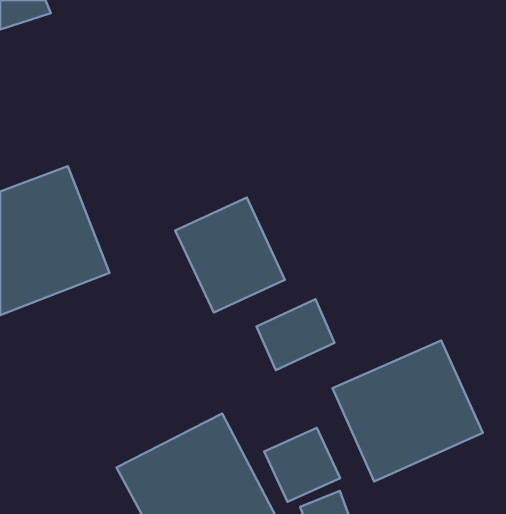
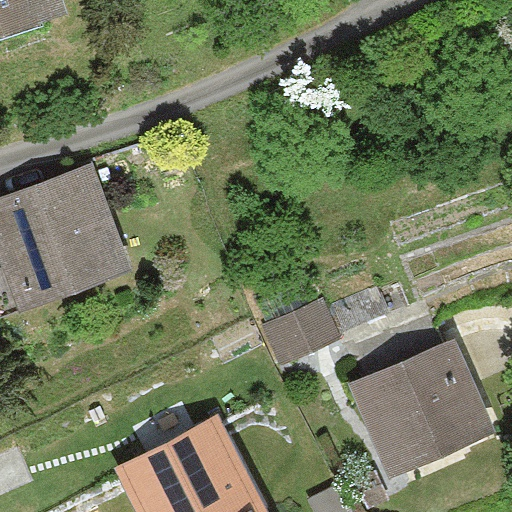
building: [175,197,285,313] -> none
building: [264,428,340,502] -> none

